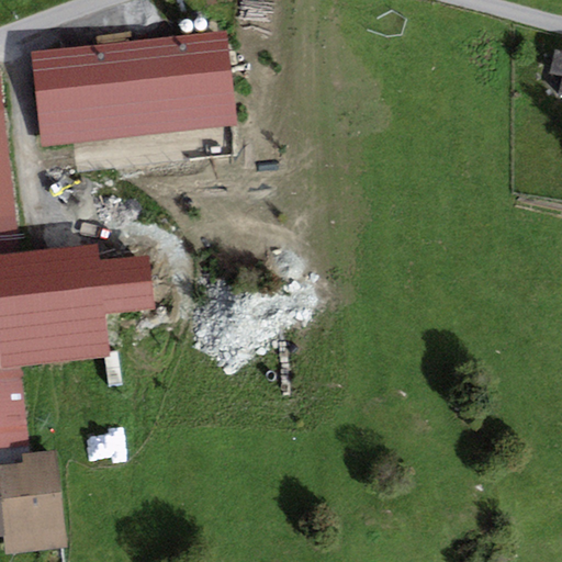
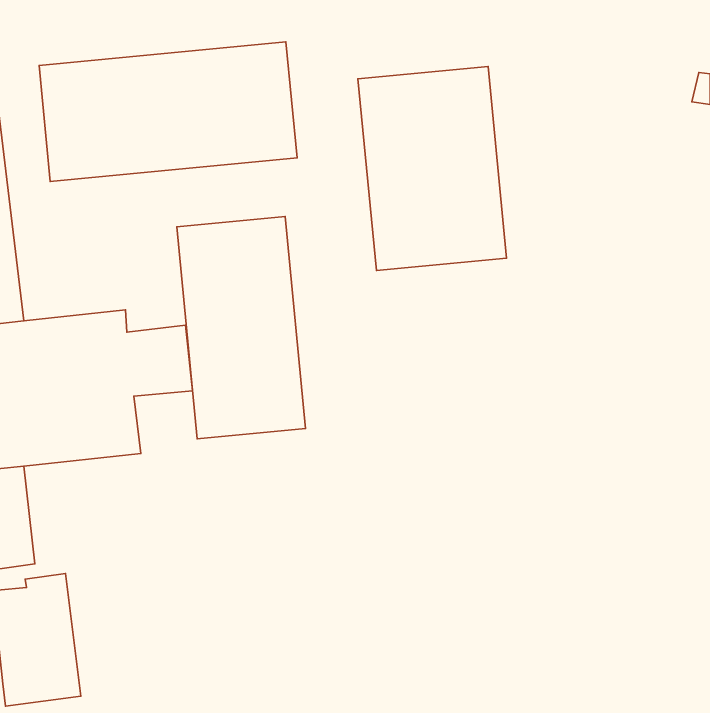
building: none -> [358,66,507,271]
building: none -> [177,217,306,439]

